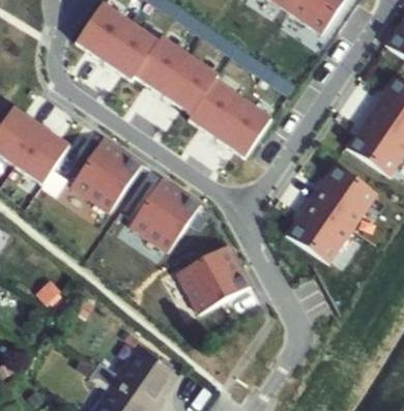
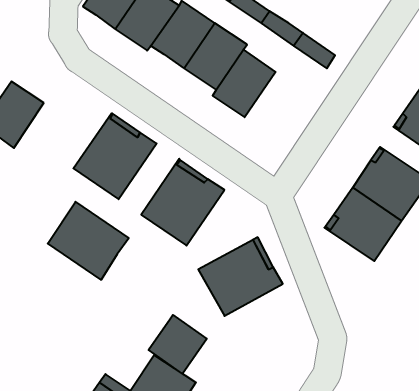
building: [215,98,271,157] -> none
building: [15,125,69,184] -> none
building: none -> [48,202,129,280]
building: none -> [149,315,207,374]

